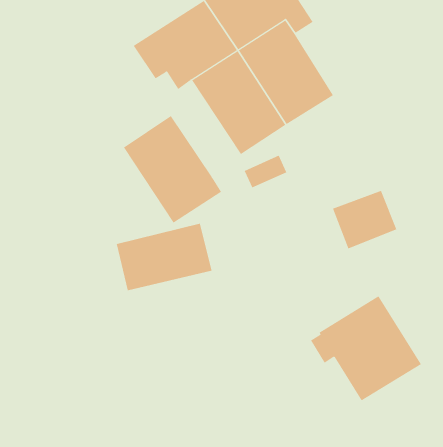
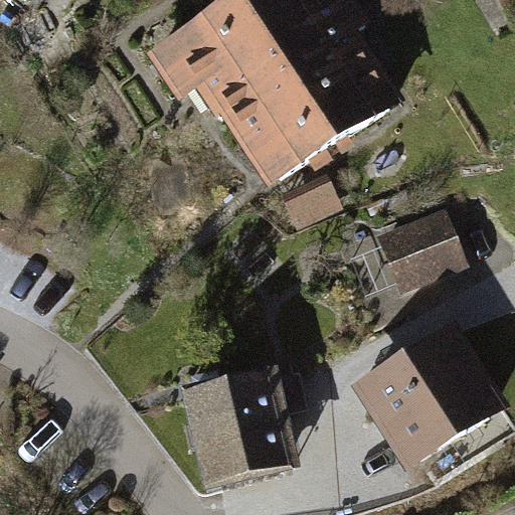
building: [123,115,222,224] -> none
building: [116,223,212,291] -> none
building: none -> [183,372,276,482]

